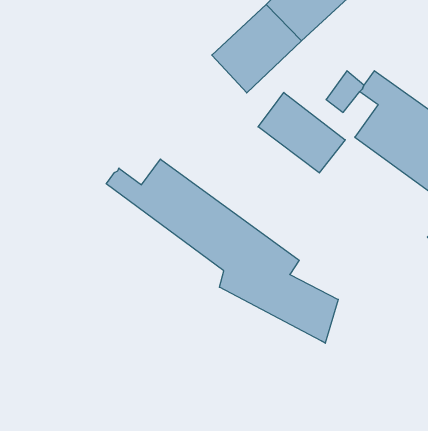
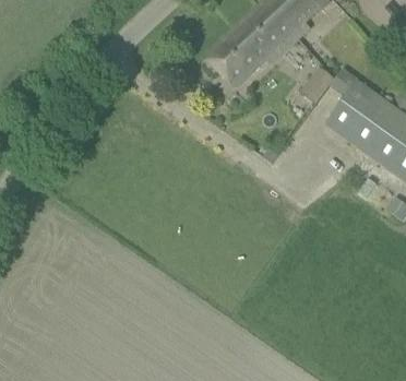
building: [258,92,345,173] -> none
building: [106,159,338,343] -> none

